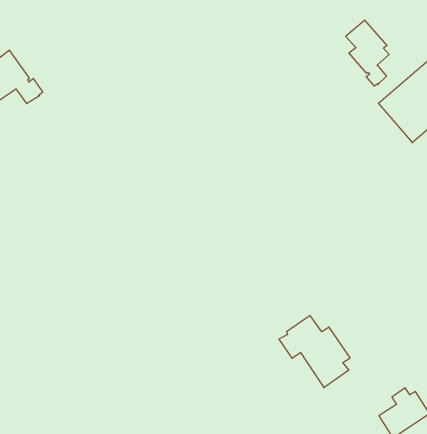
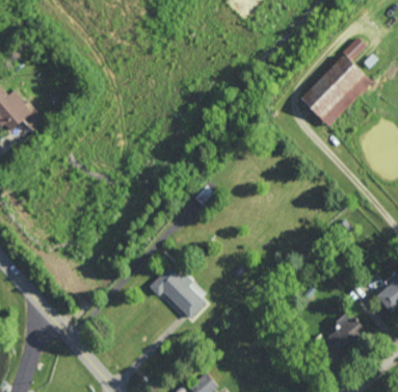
building: [346,20,389,86] -> none
building: [279,315,350,388] -> [149,265,205,319]

